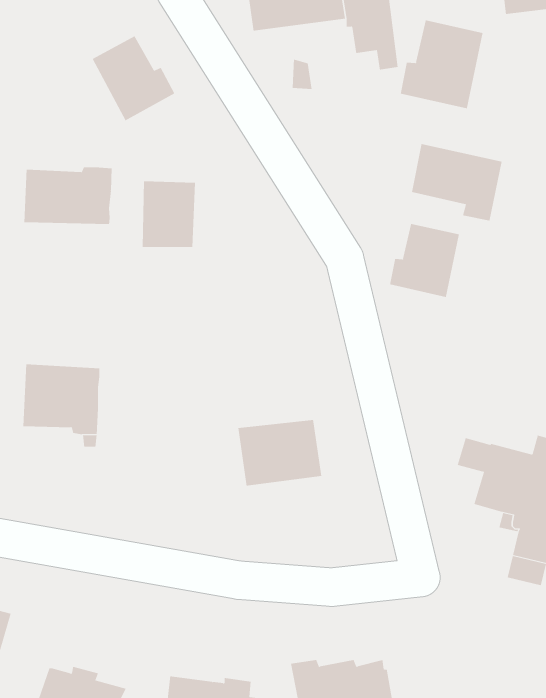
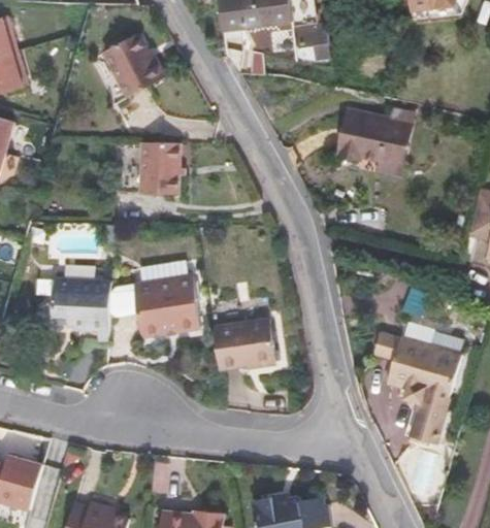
building: [400,20,483,109] -> none
building: [24,166,112,225] -> none
building: [390,223,459,298] -> none
building: none -> [108,275,198,333]

